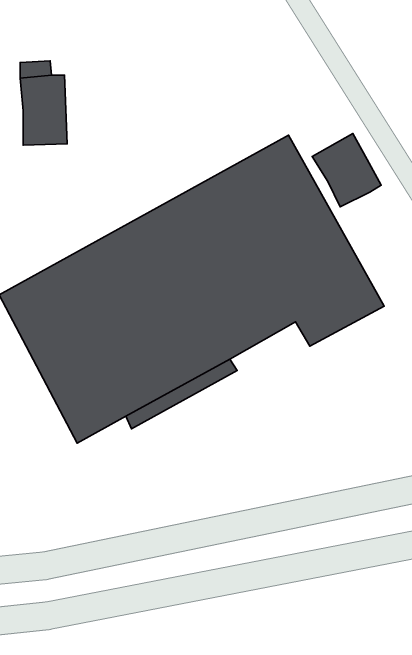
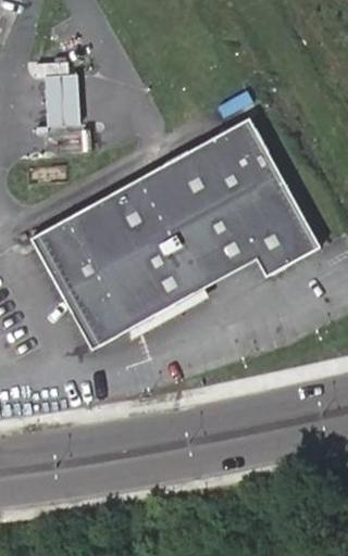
building: [312,134,381,207] -> none

